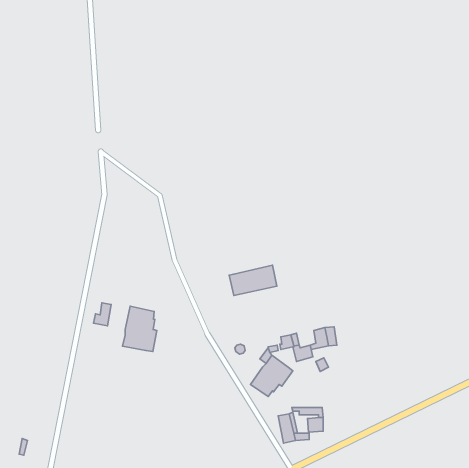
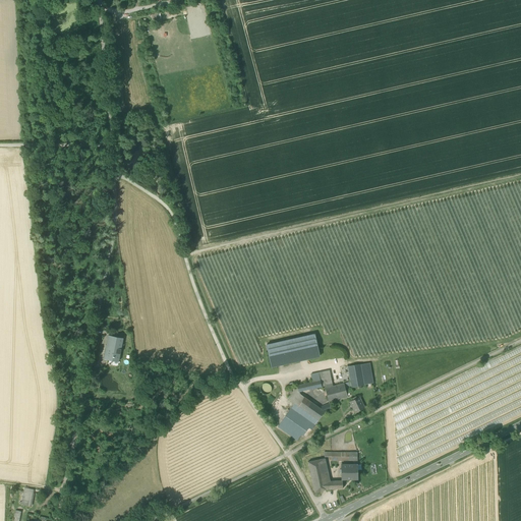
building: [229,265,277,295] -> [267,333,320,366]
building: [123,306,157,351] -> none

